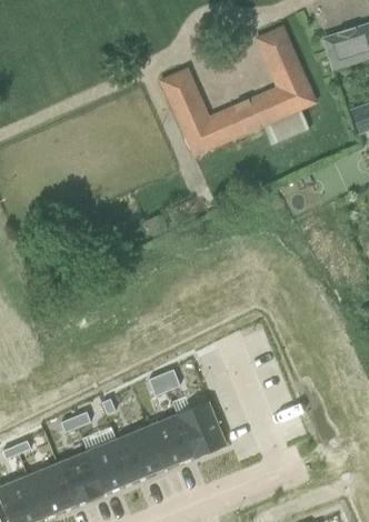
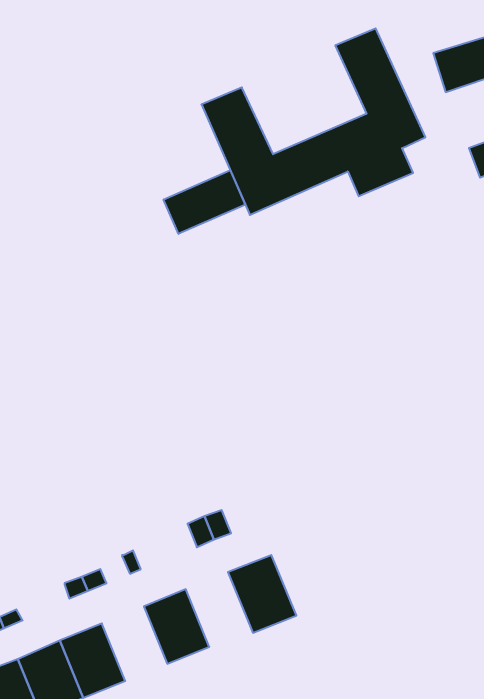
building: none -> [164,170,245,234]
building: [148,413,196,466] -> none
building: [88,438,134,491] -> none

